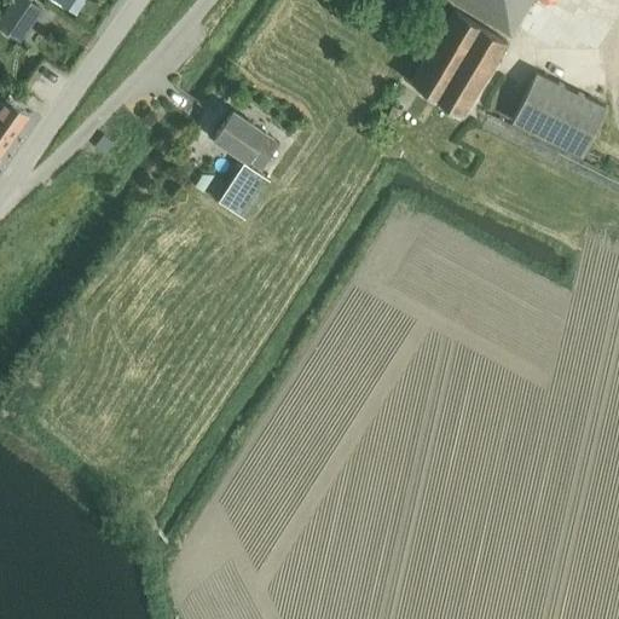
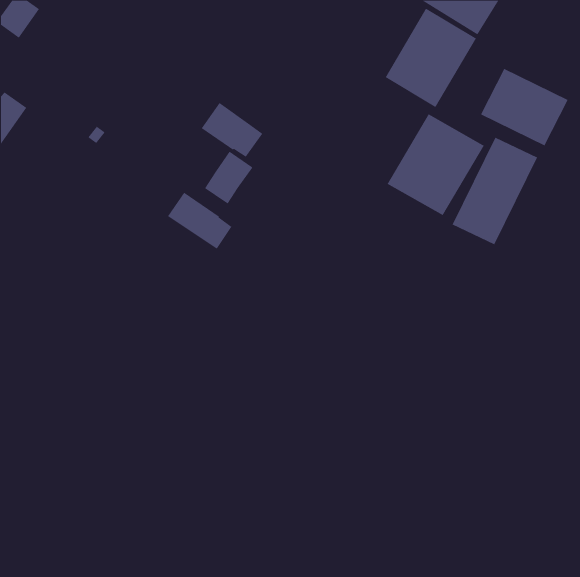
building: none -> [387,113,485,216]
building: none -> [452,137,538,245]
building: none -> [167,192,232,250]

